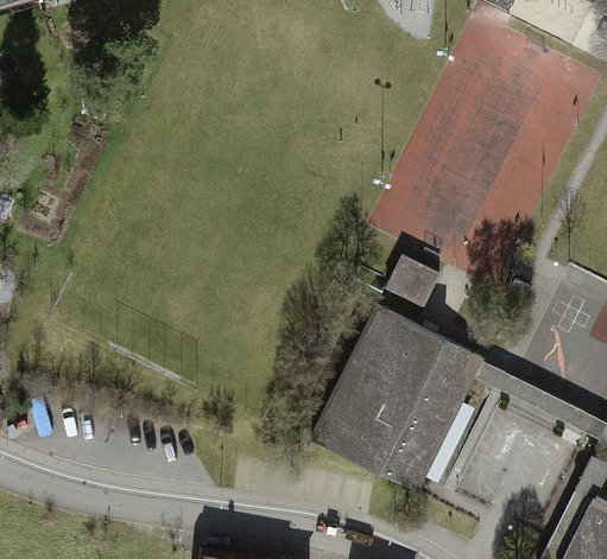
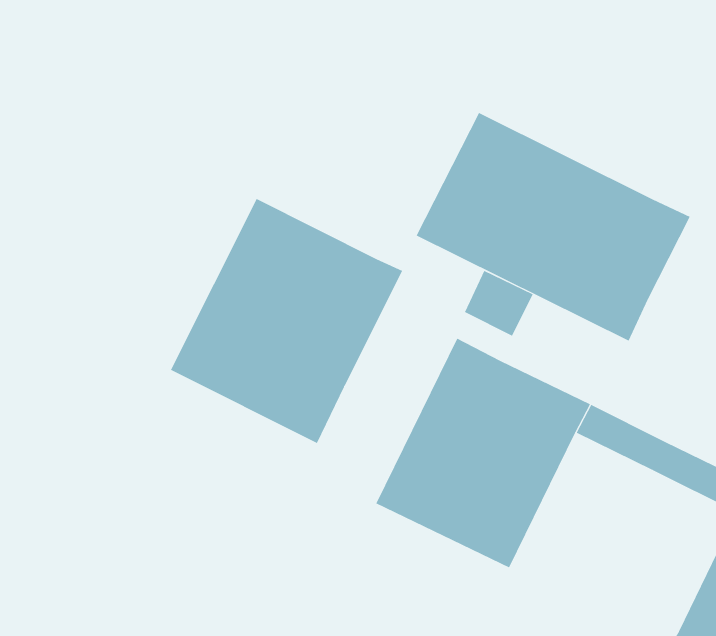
building: none -> [416,112,691,342]
building: none -> [170,198,403,444]

